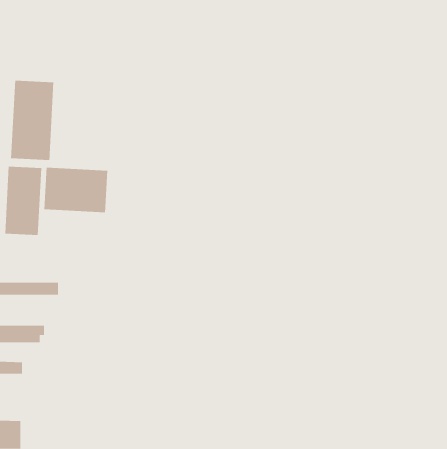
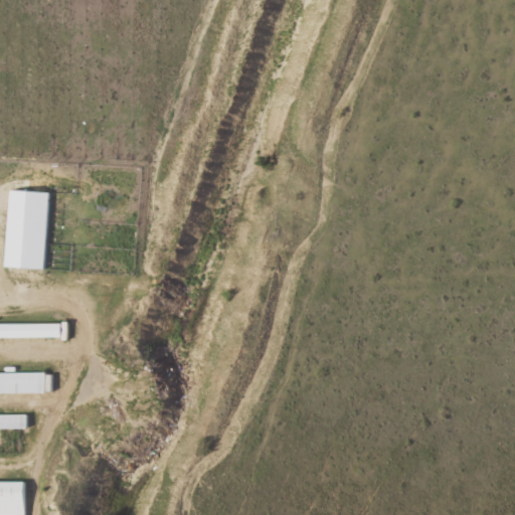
building: [11,80,54,161] -> none
building: [44,167,108,213] -> none

